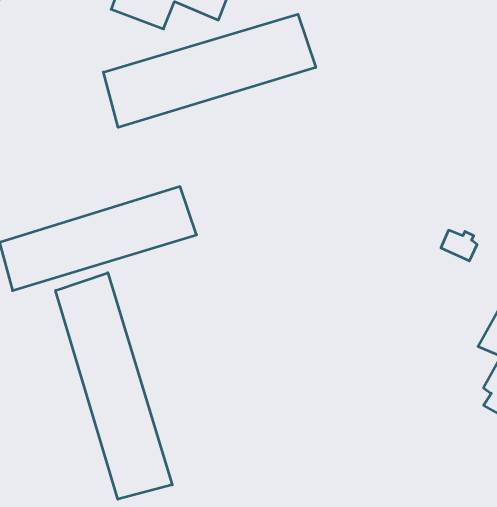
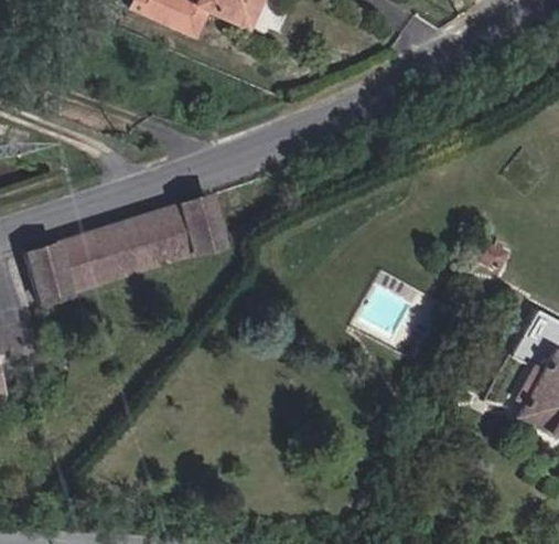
building: [103,14,316,127] -> none
building: [56,273,172,499] -> none

